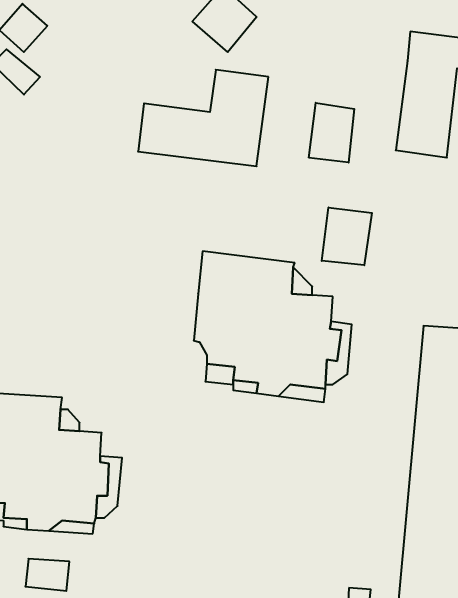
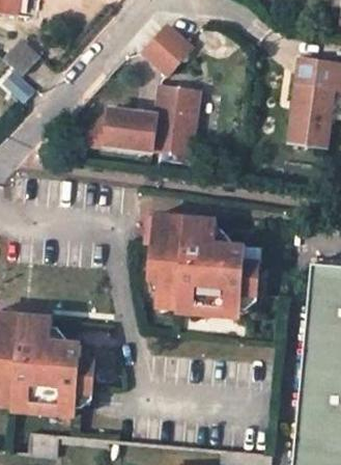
building: [309,103,354,163] -> none
building: [322,207,372,265] -> none

